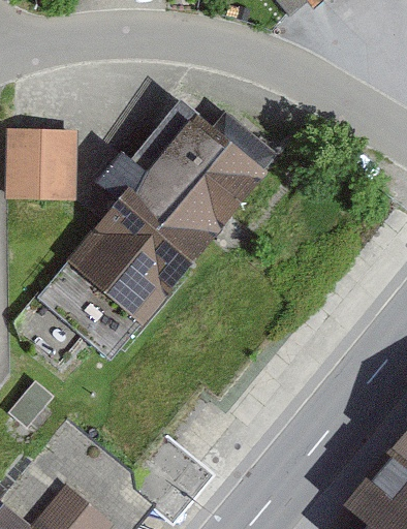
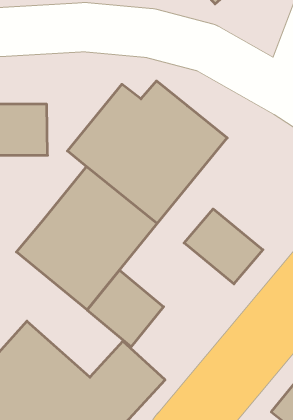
building: none -> [184,209,263,284]
building: none -> [87,270,164,347]

